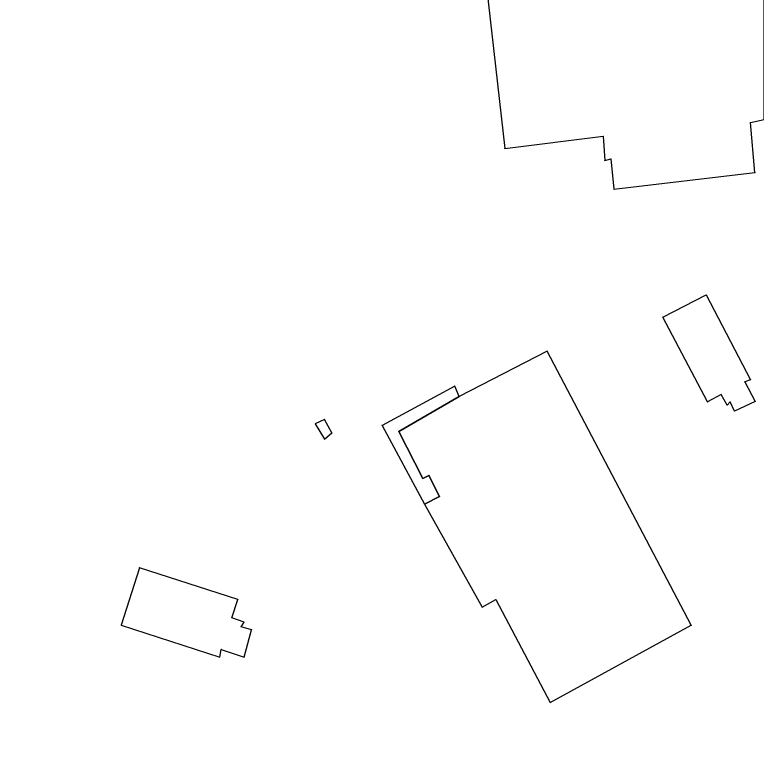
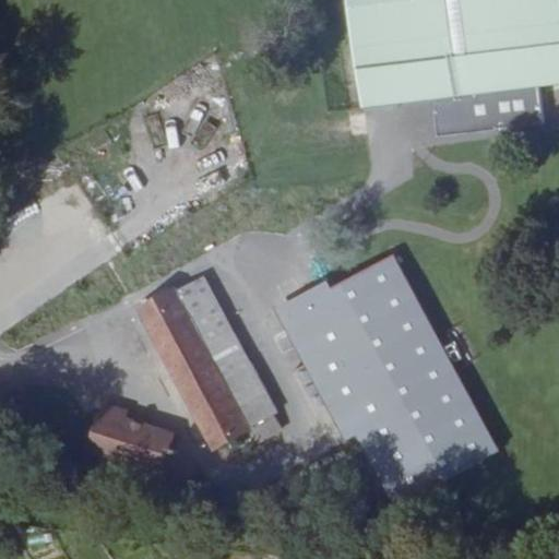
building: [663,295,755,411] -> none
building: none -> [135,275,274,447]

